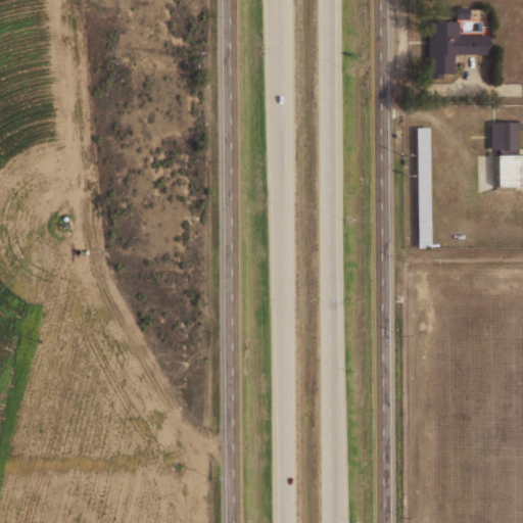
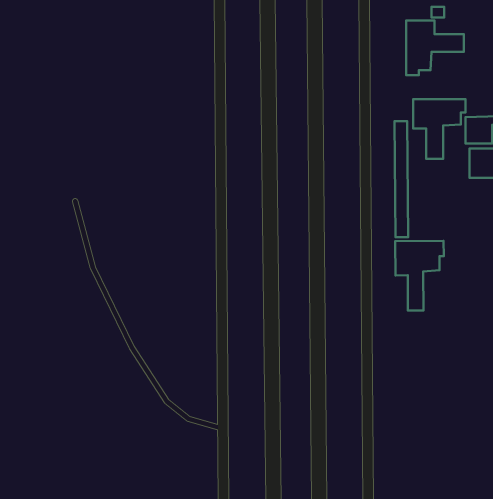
building: none -> [413,99,466,159]
building: none -> [395,241,444,311]

